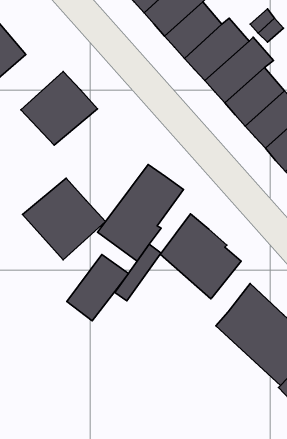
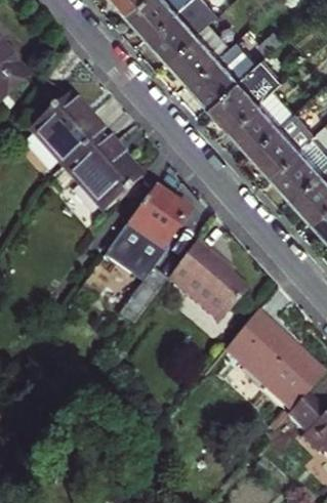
building: [23,178,106,260] -> [56,133,140,216]
building: [67,254,128,321] -> none

